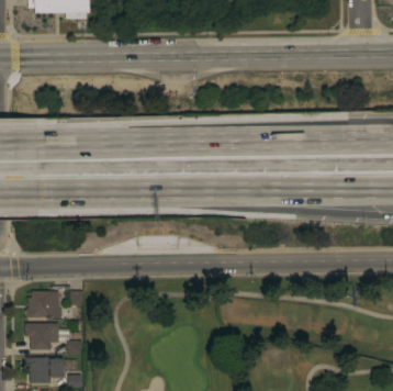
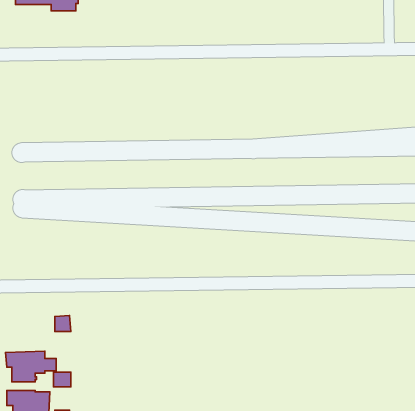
building: [25,290,57,317] -> none

